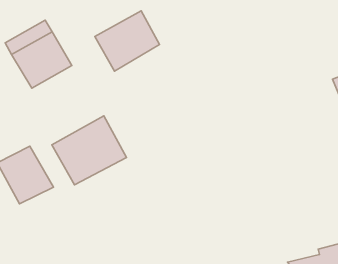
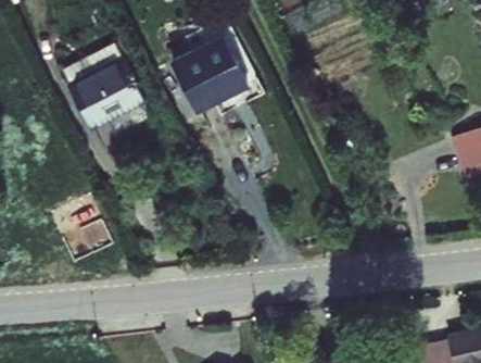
building: [52,116,127,185] -> none

